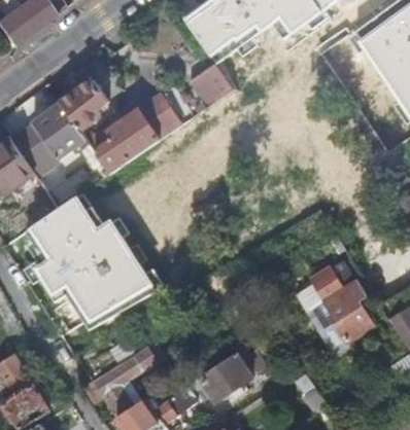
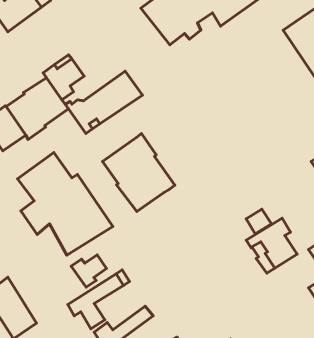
building: [191,62,236,107] -> none
building: none -> [103,134,175,212]
building: none -> [71,255,106,287]
building: [204,354,254,402] -> none

